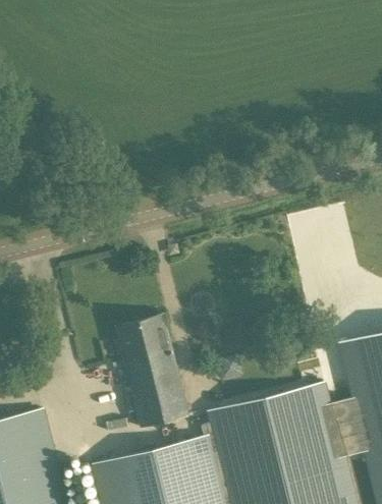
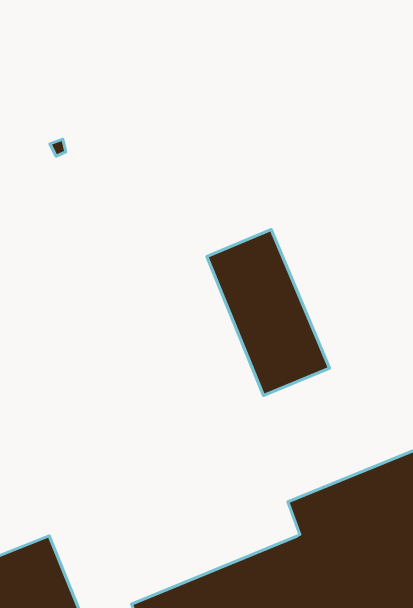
building: [115,316,188,429] -> [207,229,329,395]

